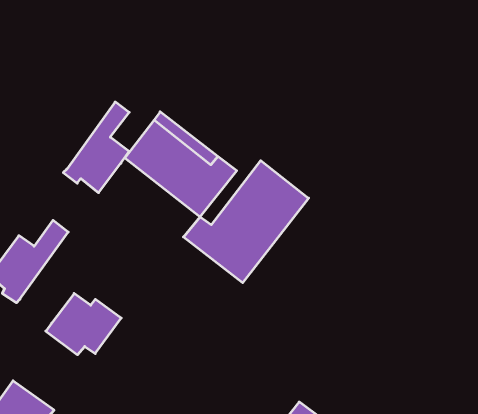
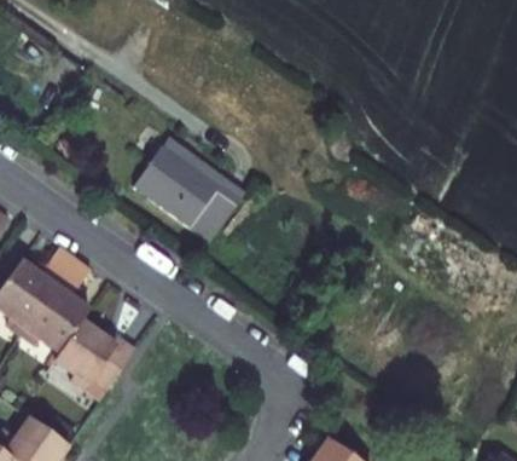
building: [63,102,129,193] -> [23,260,91,353]
building: [183,161,309,283] -> none

